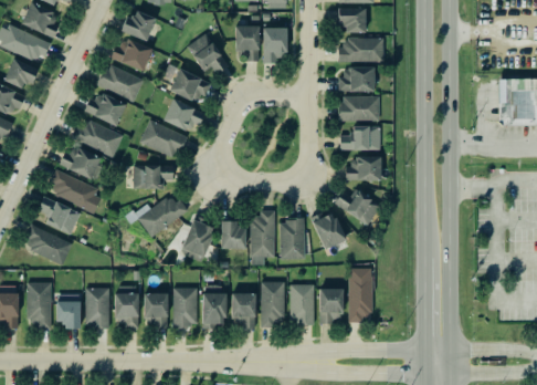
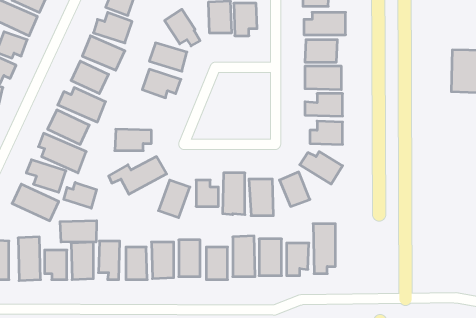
building: [139,119,186,158] -> none
building: none -> [64,182,97,208]
building: none -> [60,221,97,242]

